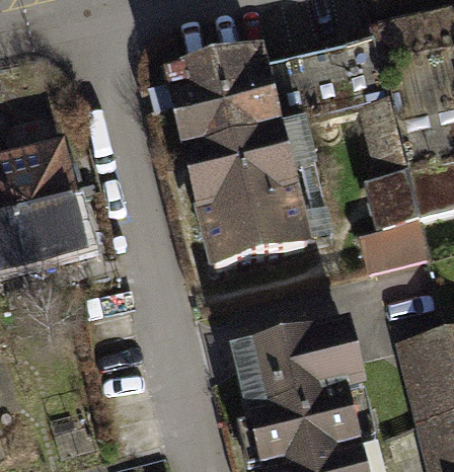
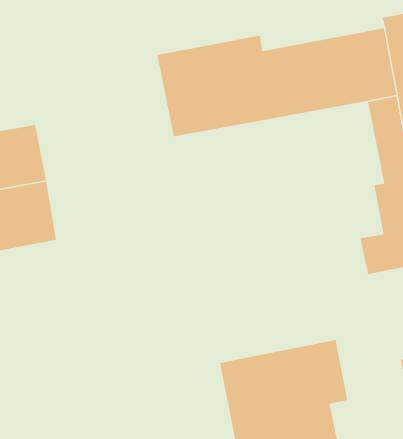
building: [185,131,308,269] -> none

